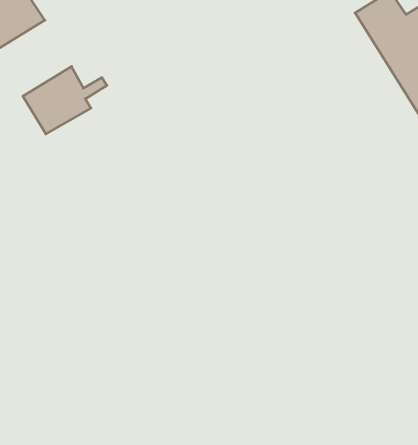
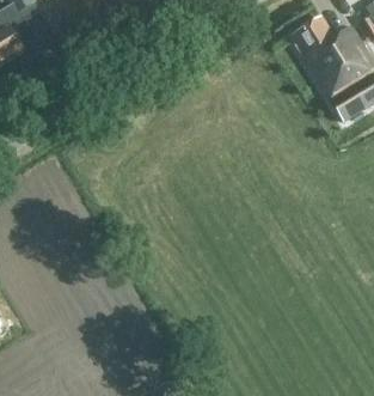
building: [23,66,107,134] -> none

